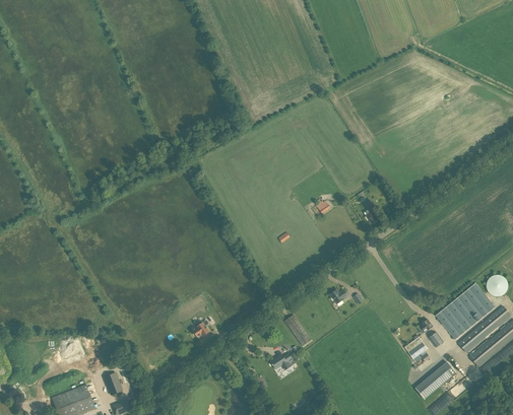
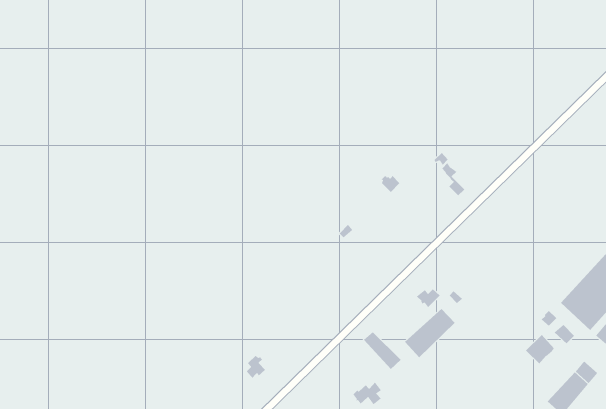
building: none -> [404,308,456,358]

